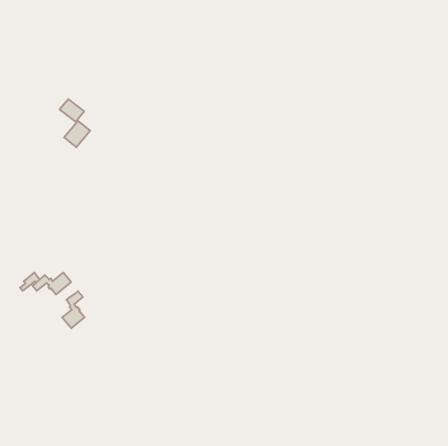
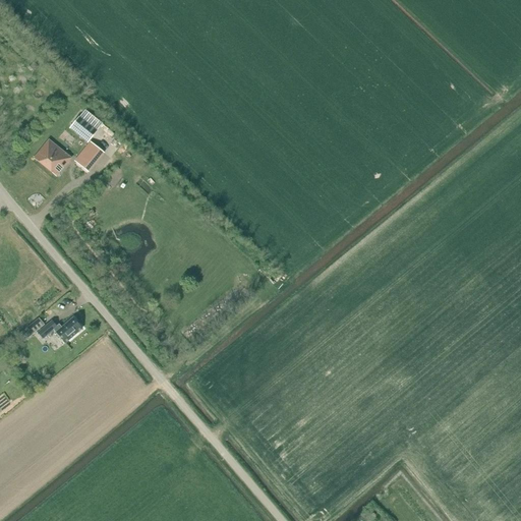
building: none -> [34,138,70,174]
building: [62,291,85,328] -> none

